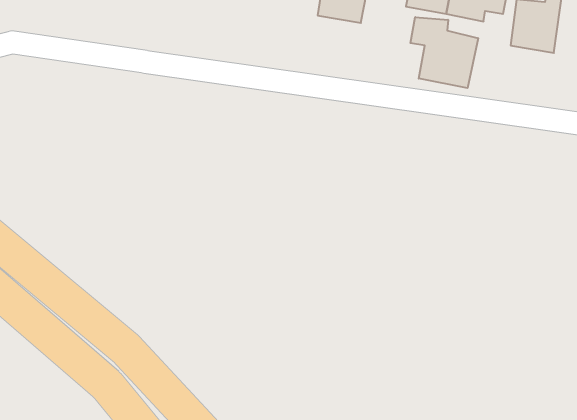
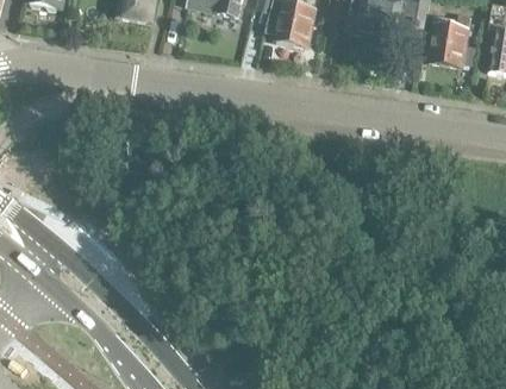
building: [410,17,478,88] -> none

